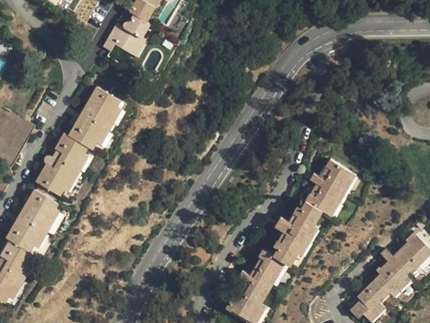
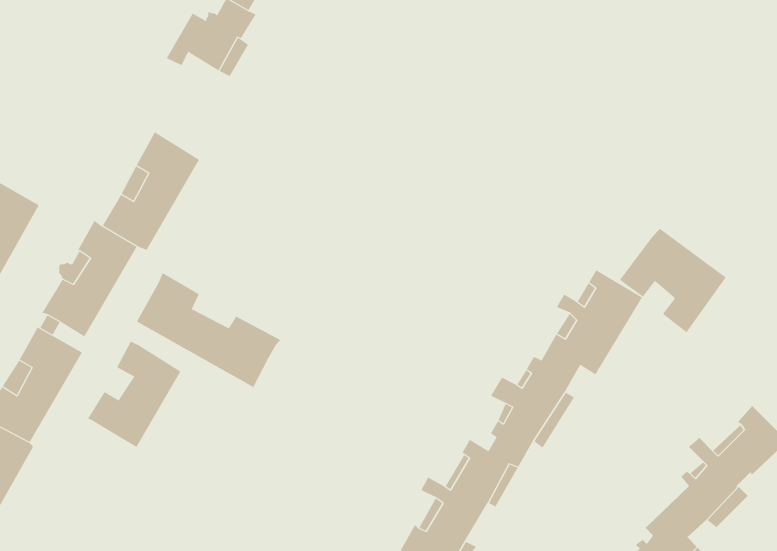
building: none -> [619,228,727,333]
building: none -> [136,272,281,388]
building: none -> [87,341,181,448]

